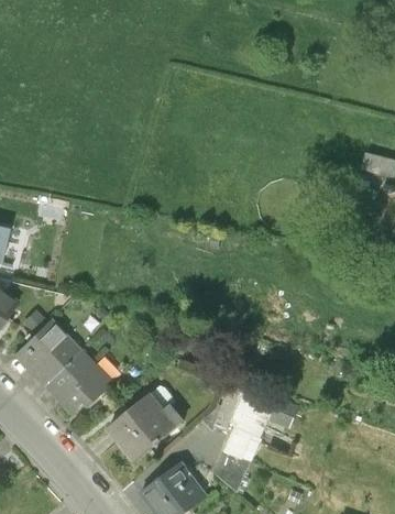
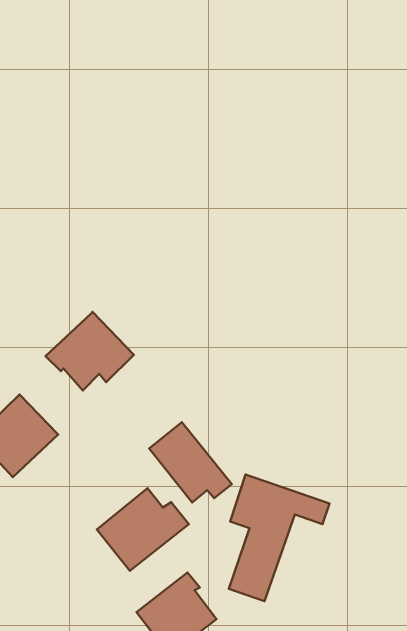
building: none -> [149,422,232,503]
building: [43,351,113,414] -> [46,312,134,391]

